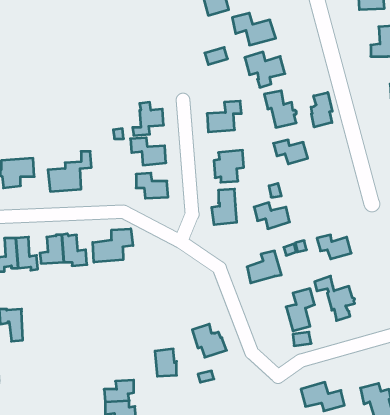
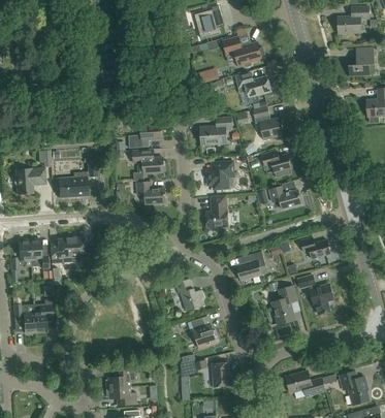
building: [311,92,332,127] -> none
building: [254,203,290,229] -> [269,185,301,208]
building: [93,229,133,262] -> none
building: none -> [175,278,204,311]
building: none -> [34,298,53,331]
building: [155,349,177,376] -> [212,361,231,386]

